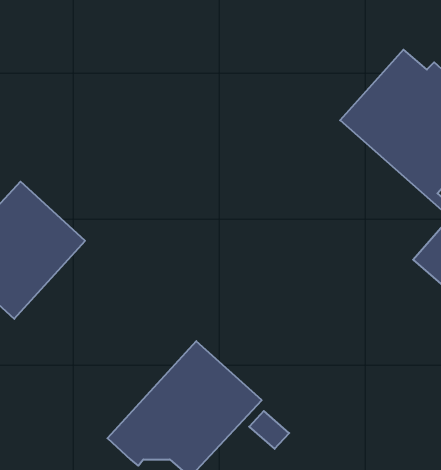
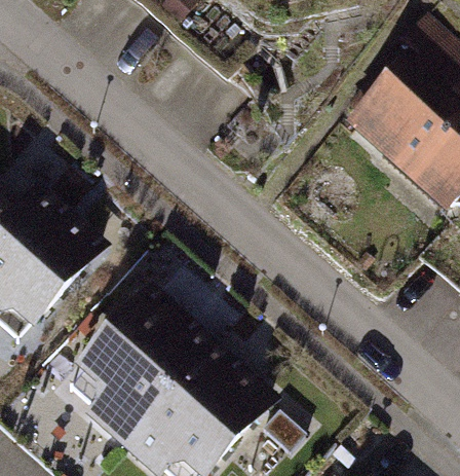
building: none -> [69,289,201,442]

